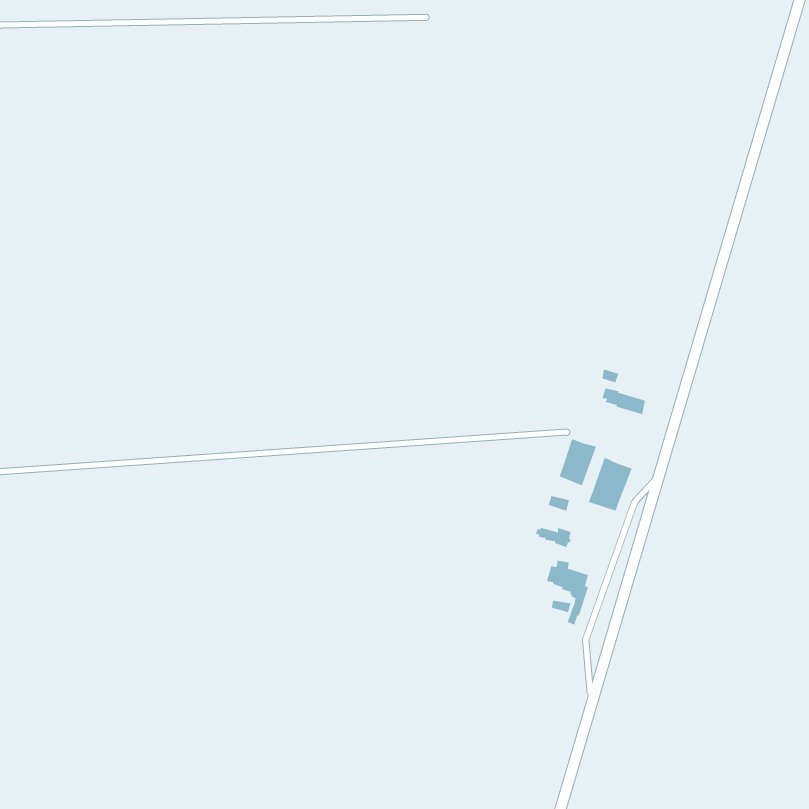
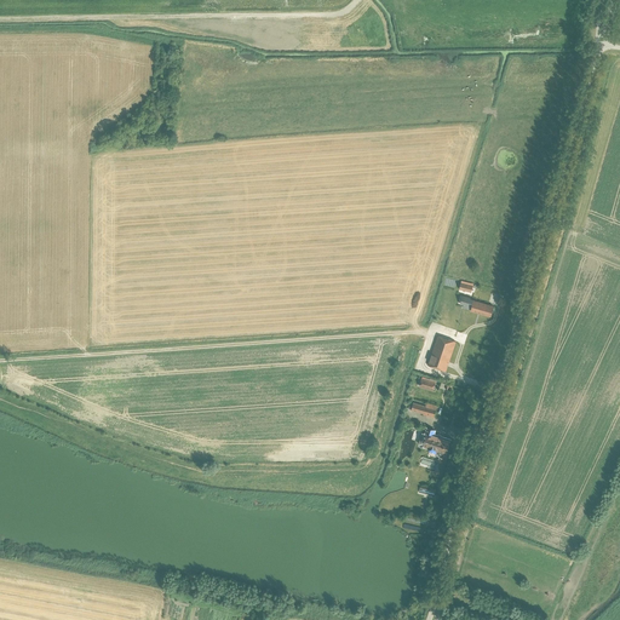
building: [588,457,632,511] -> none

